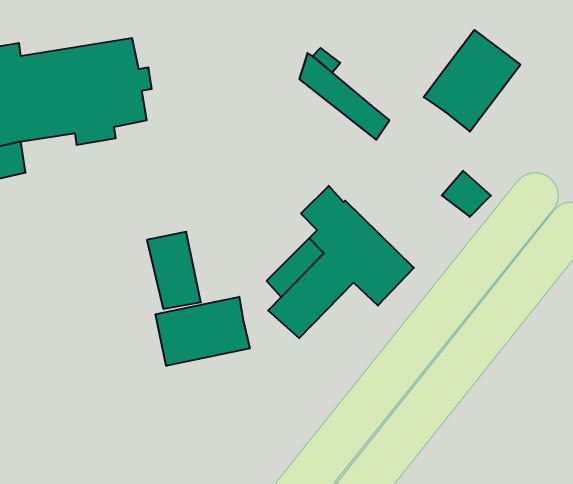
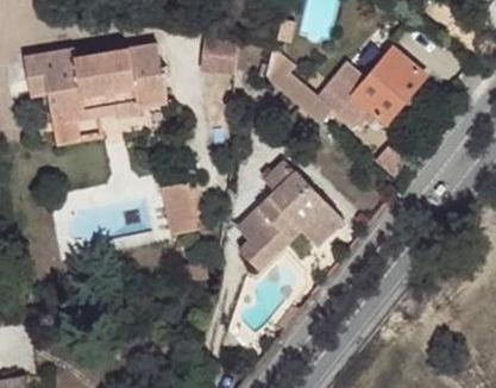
building: none -> [319,61,372,127]
building: [156,297,250,366] -> none

